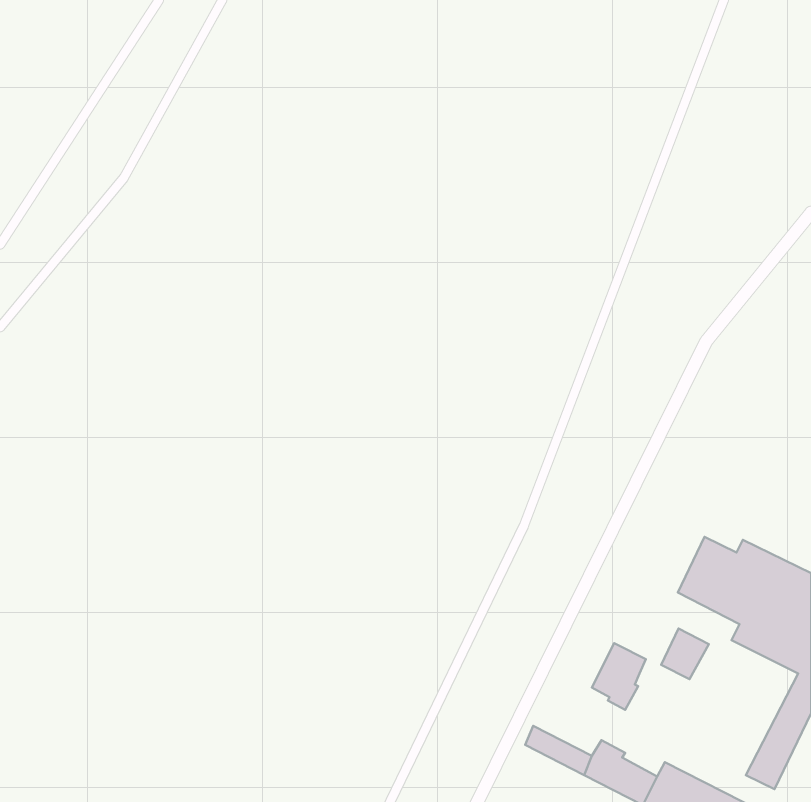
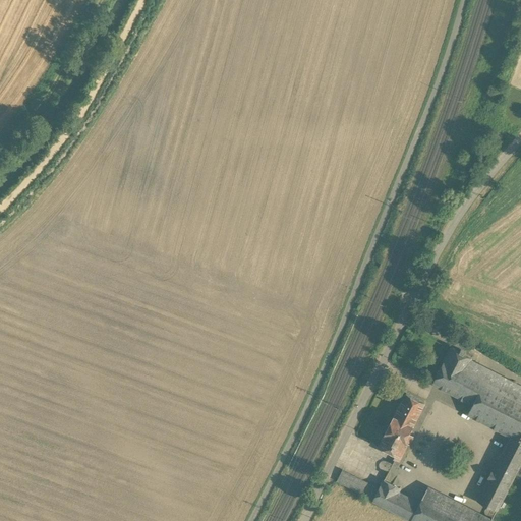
building: [661,628,709,679] -> [396,396,426,428]

